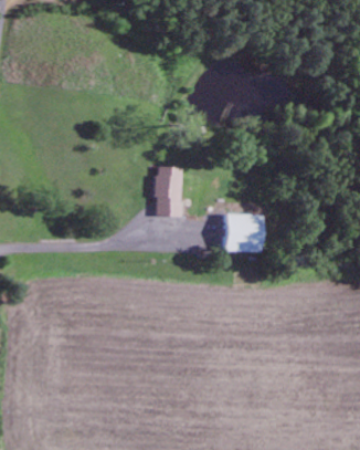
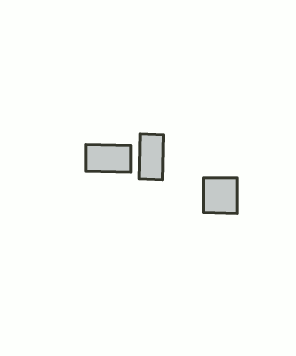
building: none -> [86,144,131,172]

